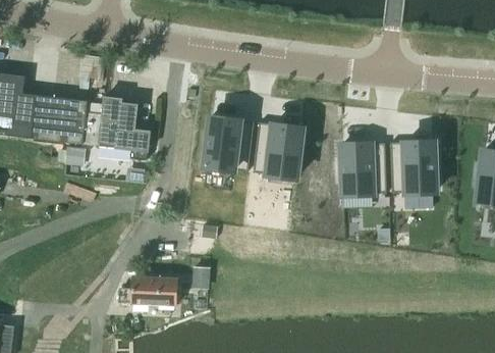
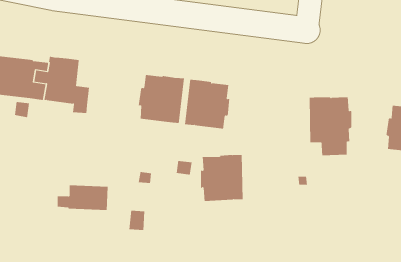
building: [338,142,386,194] -> [200,155,243,202]
building: [120,275,177,304] -> [57,185,108,211]

